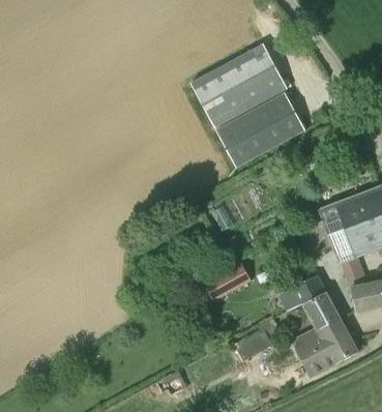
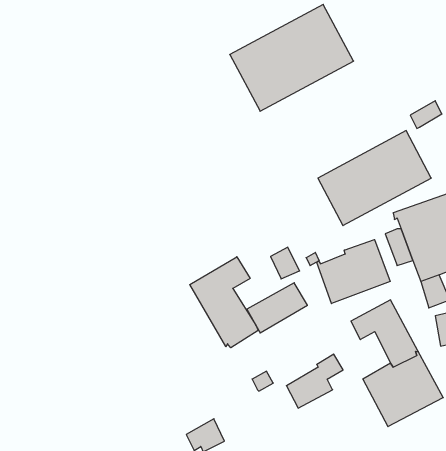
building: [216,92,305,167] -> [318,131,431,226]
building: none -> [317,240,390,304]
building: none -> [190,257,258,348]

